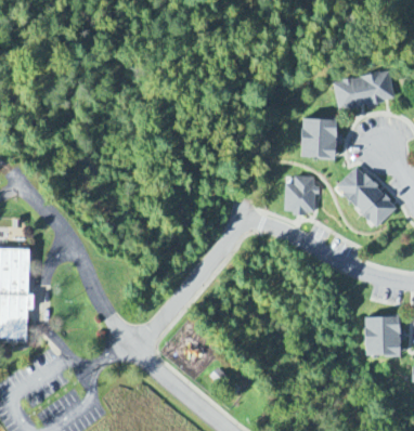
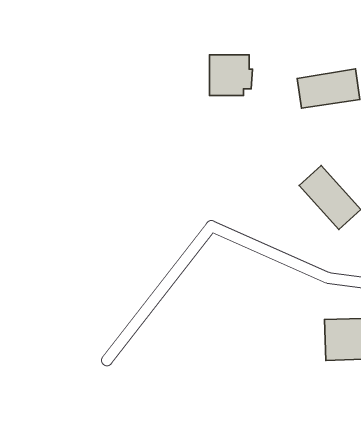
building: [298,119,340,159] -> [210,55,252,96]
building: [284,175,318,213] -> none

